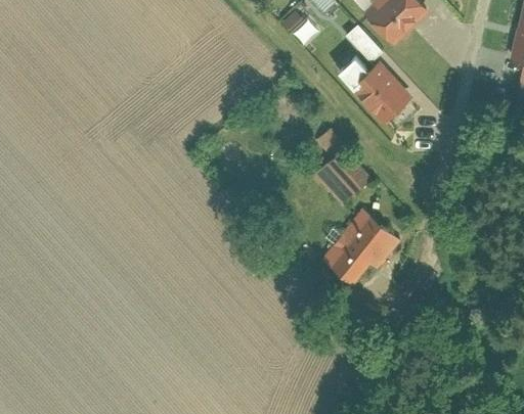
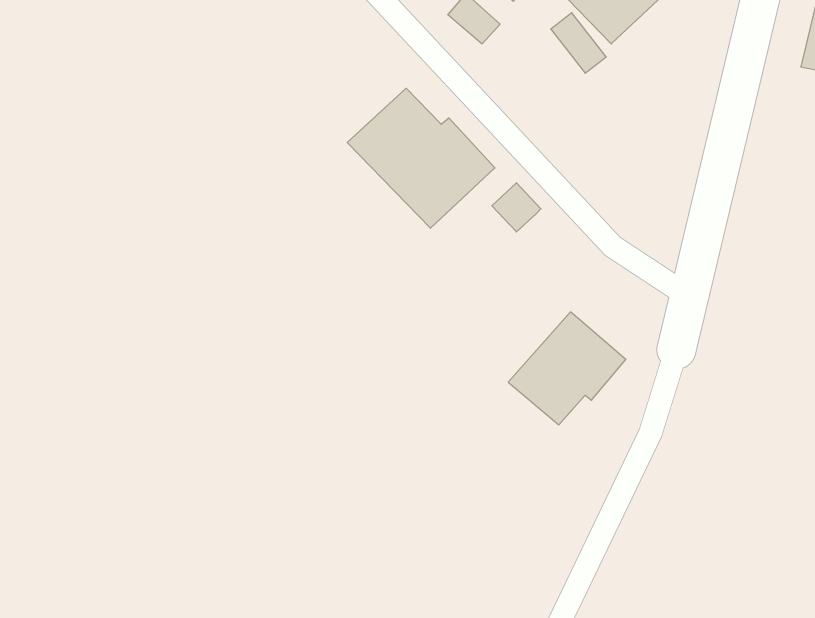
building: [345,62,408,126] -> none
building: none -> [347,88,495,228]
building: [326,150,367,193] -> none

